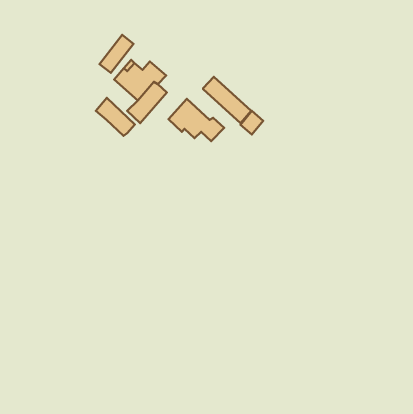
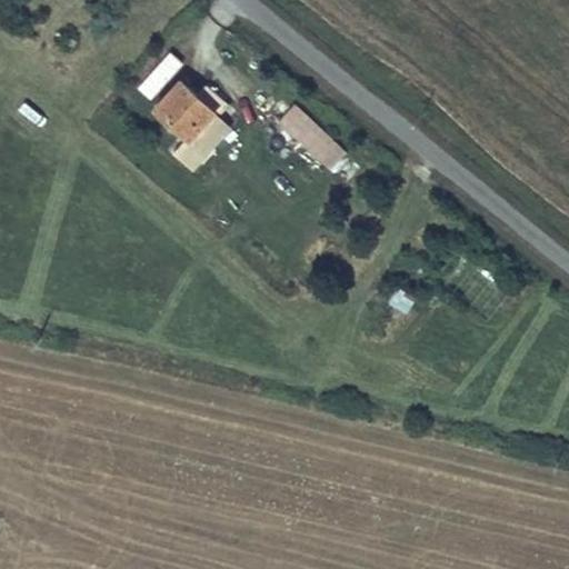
building: [96,98,135,136] -> none
building: [168,99,224,141] -> none

